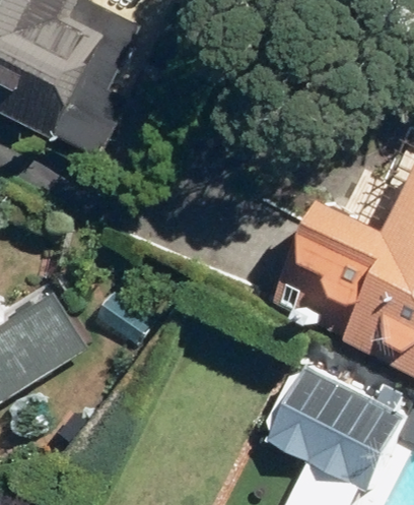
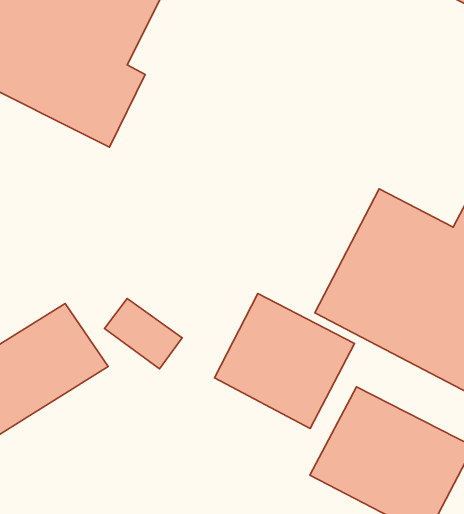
building: none -> [215,293,354,429]

